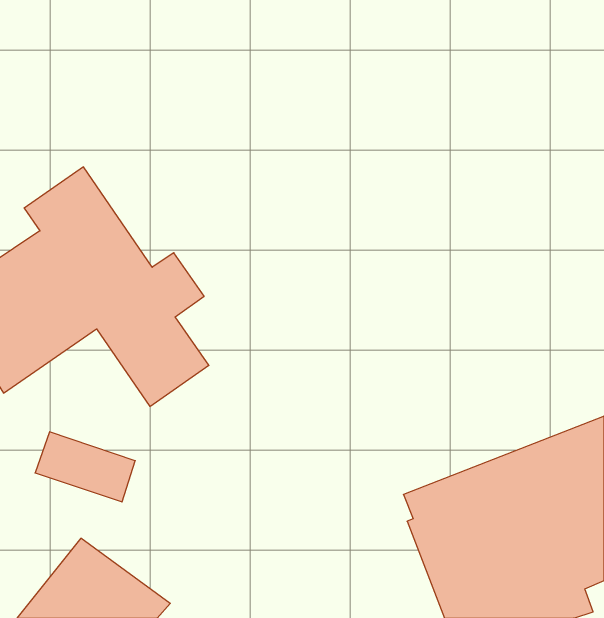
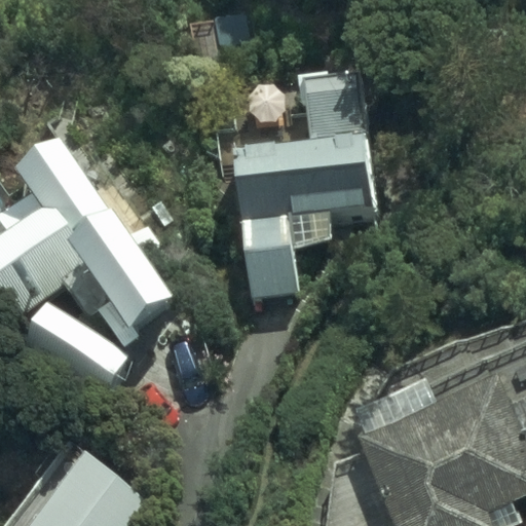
building: none -> [235,80,372,284]

